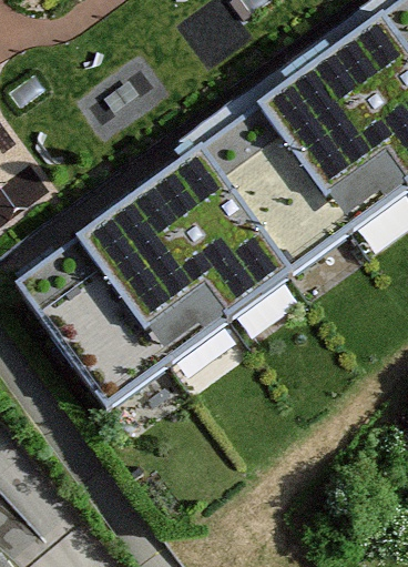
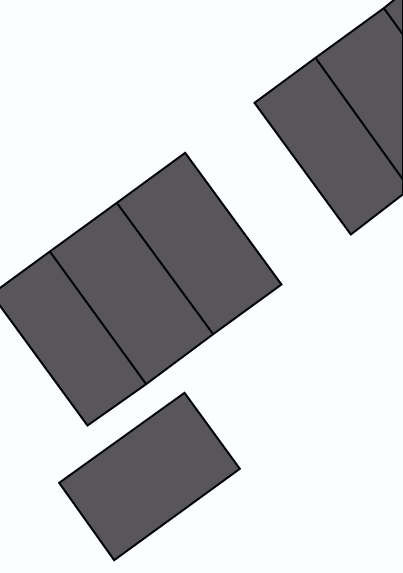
building: [204,100,355,265] -> none
building: none -> [59,393,240,560]

